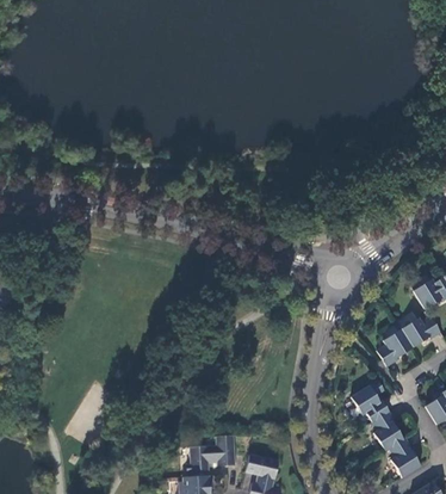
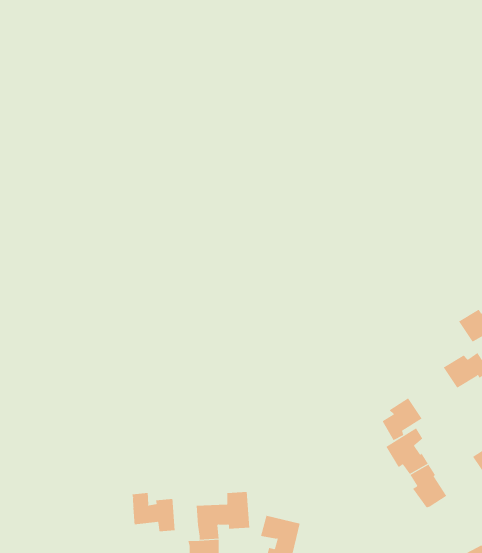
building: [377,328,411,365] -> [382,397,422,441]
building: none -> [132,492,175,532]
building: [389,437,420,476] -> none

